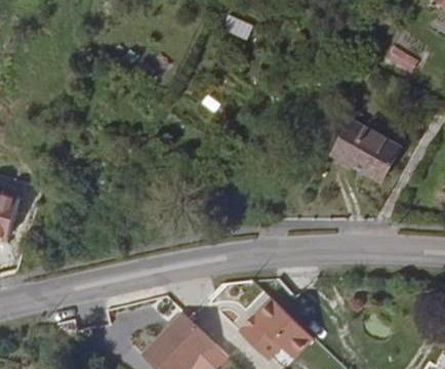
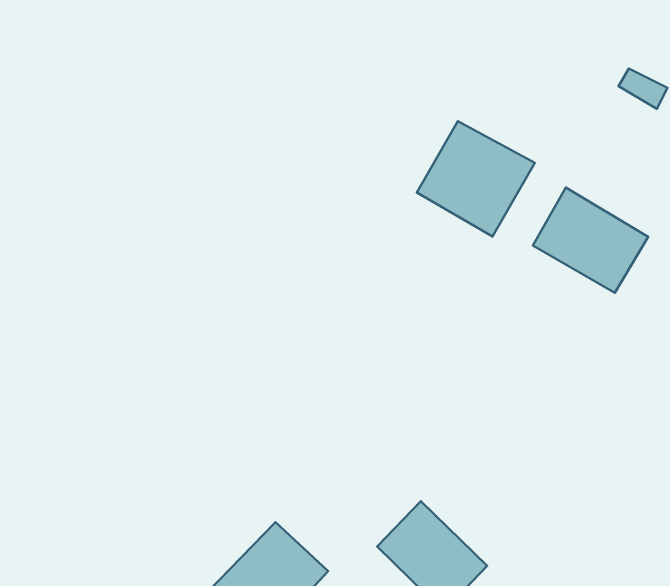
building: none -> [417,121,535,237]

